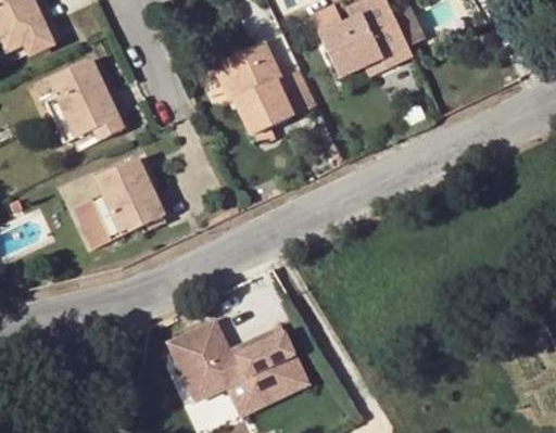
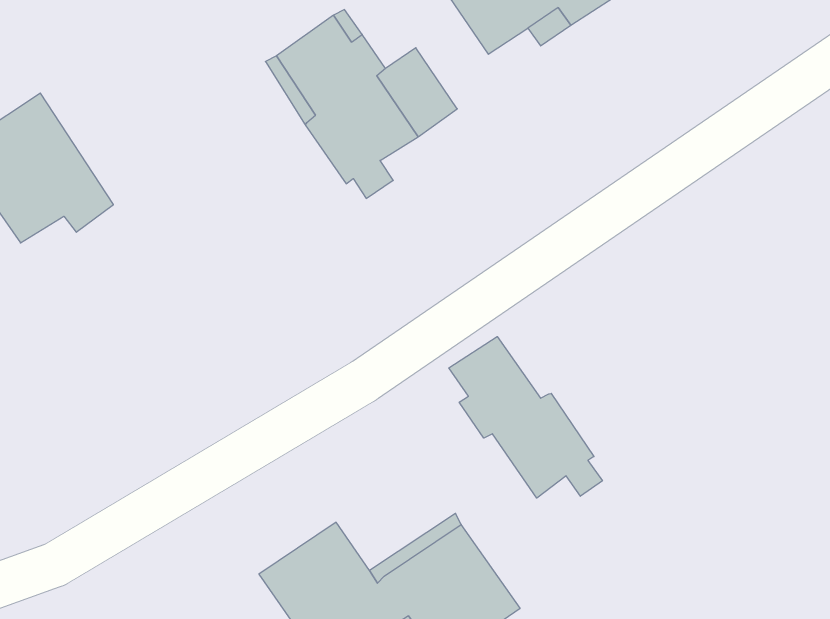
building: [76,157,165,245] -> none
building: none -> [449,337,602,498]

